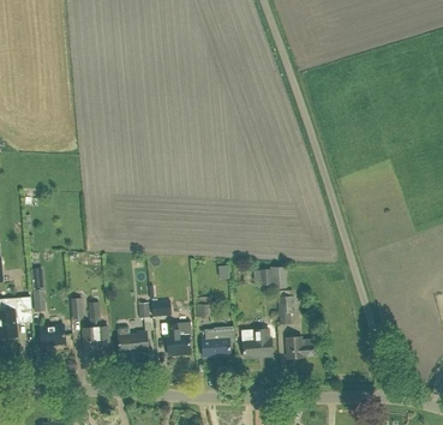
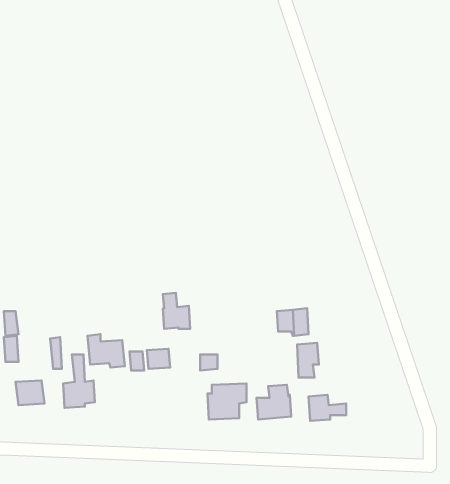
building: [167,324,190,354] -> [163,293,190,329]
building: [116,327,148,354] -> [87,334,125,367]

